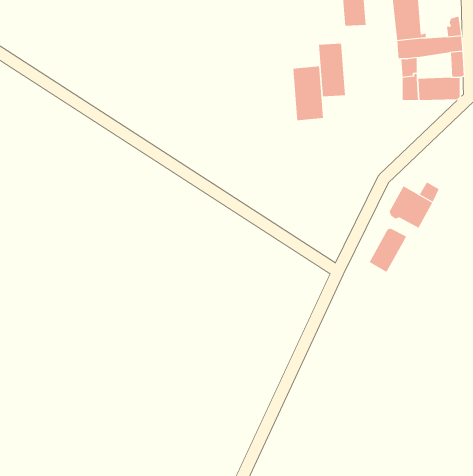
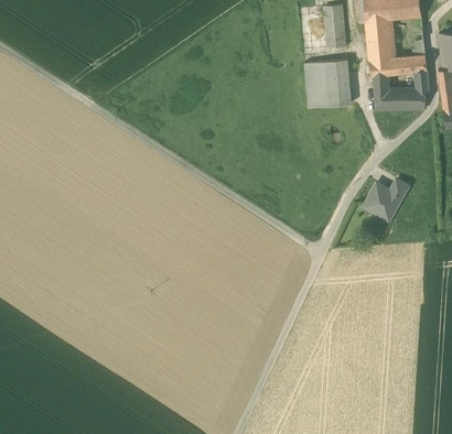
building: [292,66,324,121] -> [324,59,351,106]
building: [369,228,407,273] -> none

